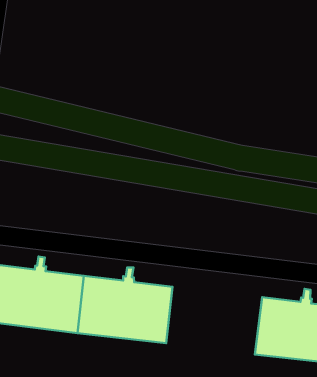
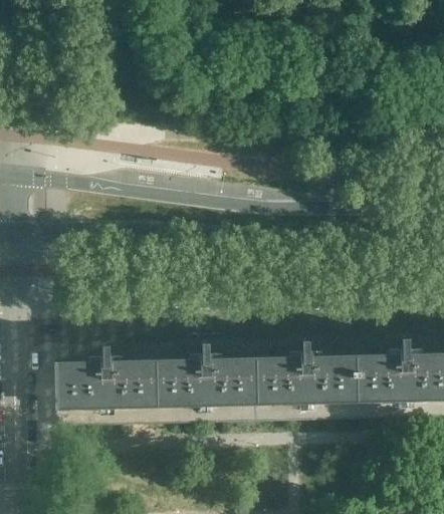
building: none -> [253,328,355,409]

